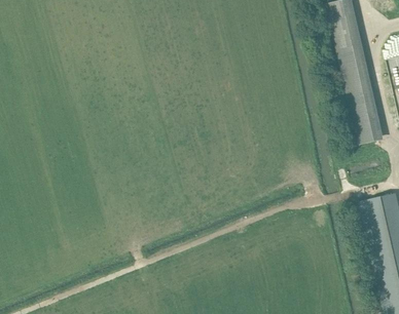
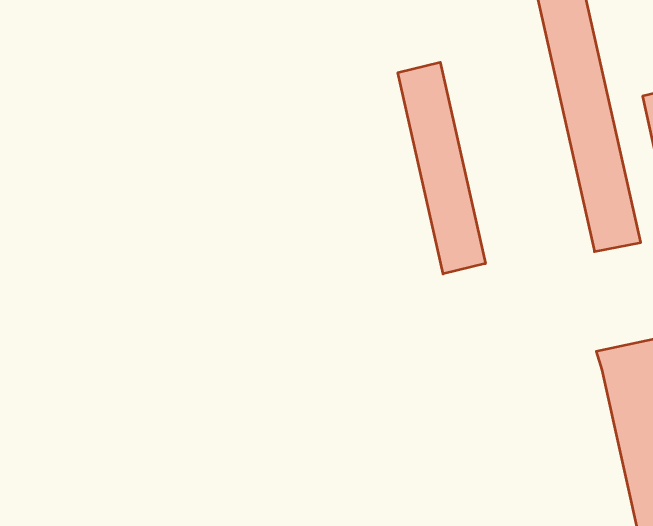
building: none -> [398,62,485,274]

